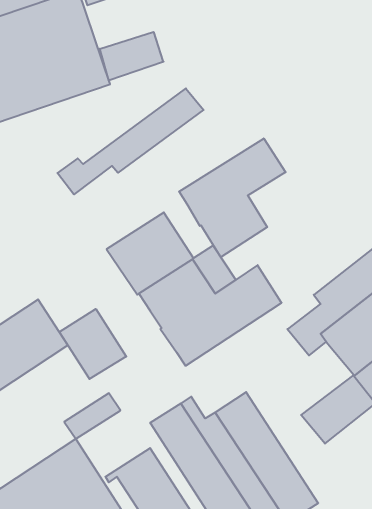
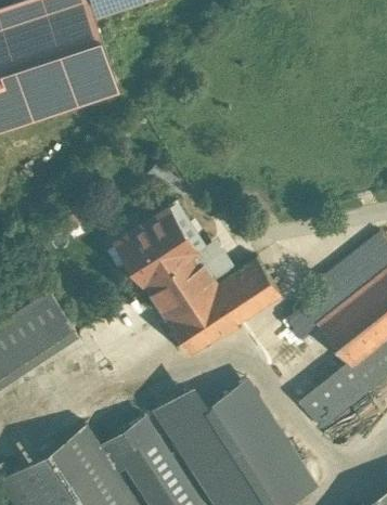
building: [100,32,164,80] -> none
building: [57,88,204,194] -> none
building: [179,138,286,257] -> none
building: [60,309,126,379] -> none
building: [64,393,120,439] -> [102,418,155,462]

